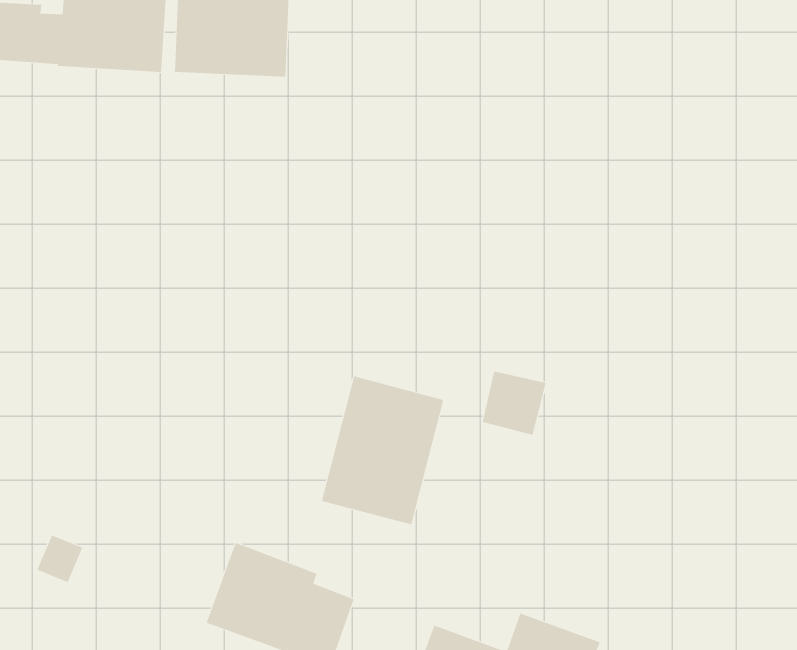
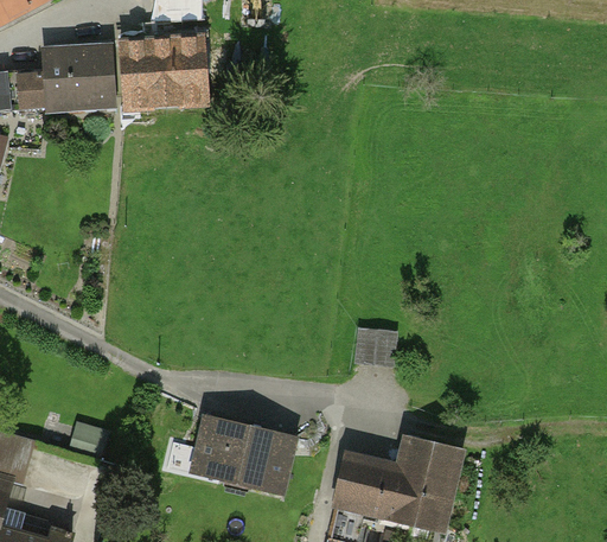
building: [482,371,547,436] -> [357,326,397,366]
building: [321,376,444,525] -> none

